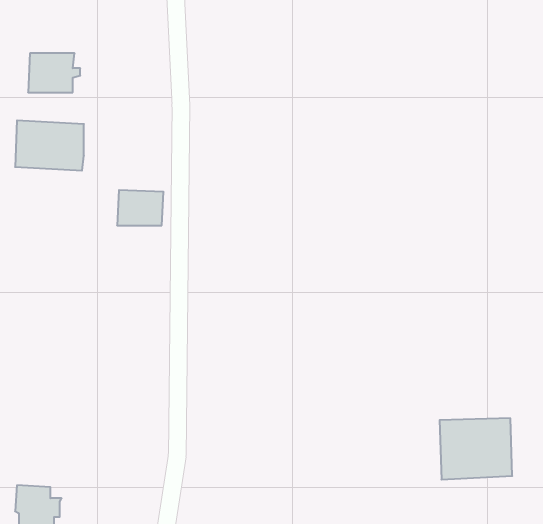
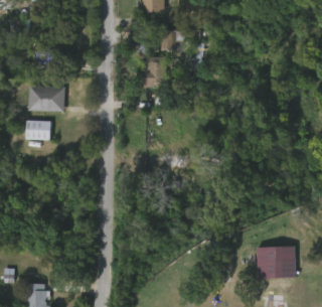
building: none -> [159,29,184,47]
building: none -> [142,56,166,88]
building: [117,190,164,225] -> [24,120,49,139]

